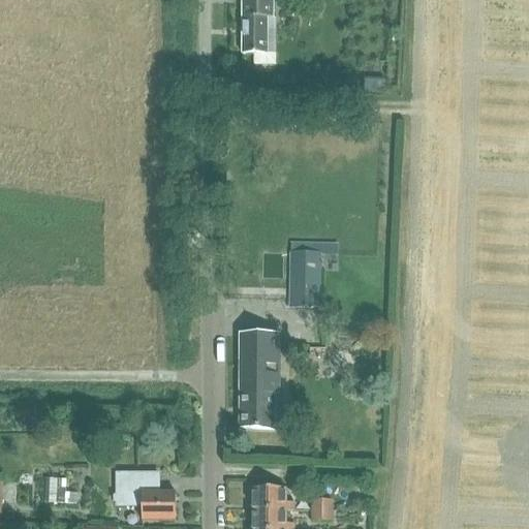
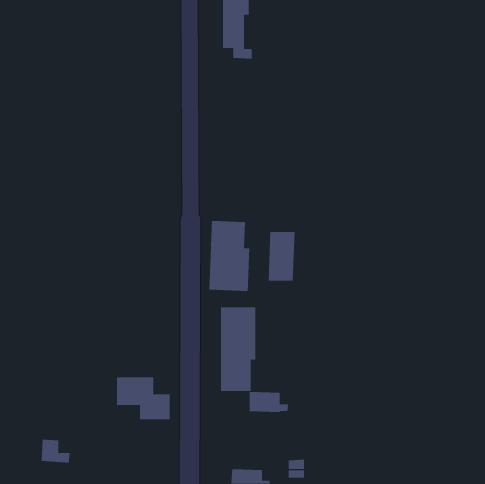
building: none -> [209,220,250,292]
building: [116,472,175,519] -> [116,377,171,420]
building: [251,487,294,509] -> [249,392,289,413]

